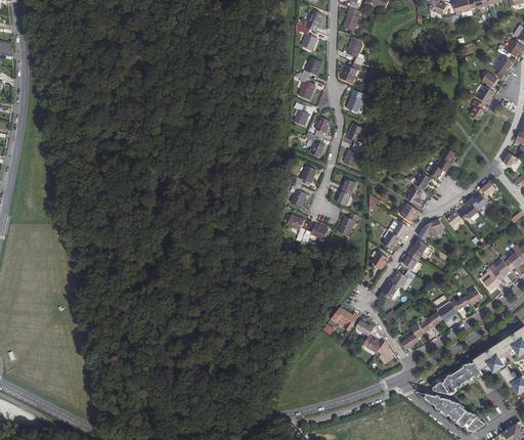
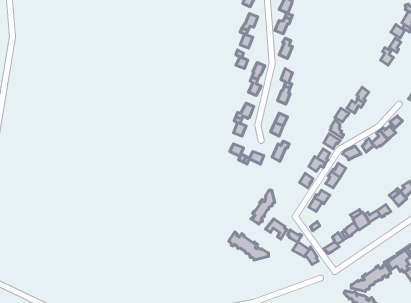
building: none -> [251,190,275,224]
building: none -> [229,232,269,260]

